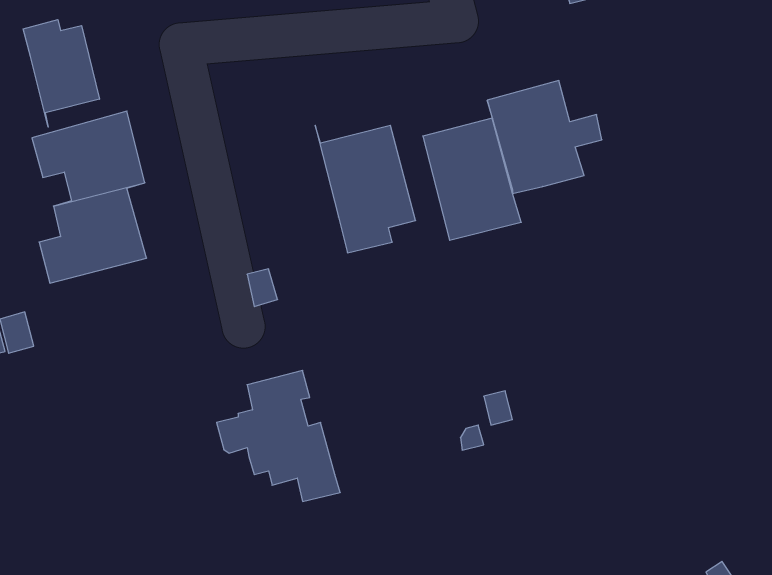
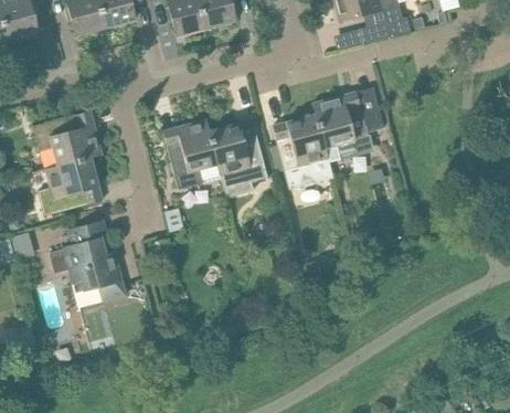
building: [23,20,99,127] -> none
building: none -> [162,119,221,190]
building: [217,370,340,501] -> [50,221,126,301]

